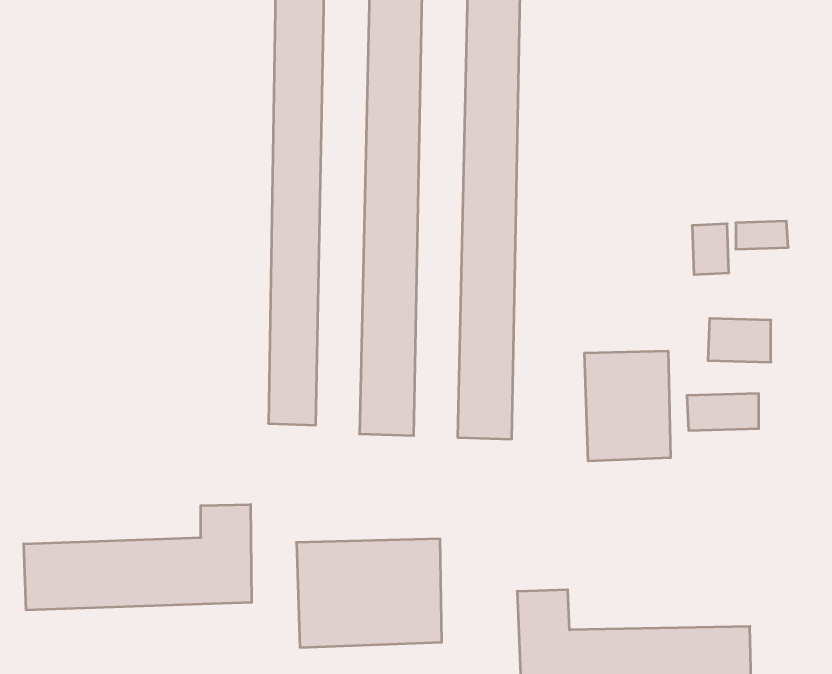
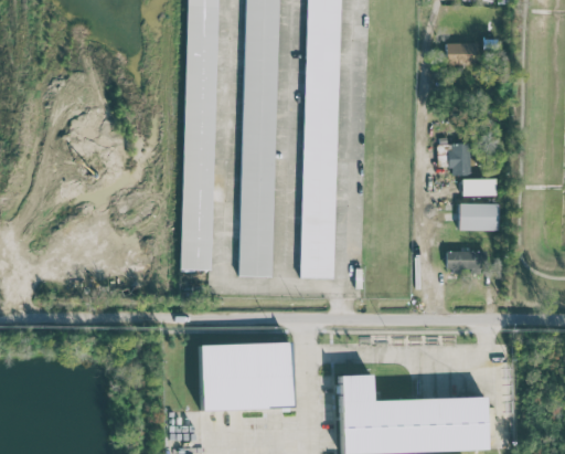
building: none -> [447,43,477,65]
building: [736,221,788,249] -> [462,179,495,197]
building: [585,351,670,461] -> none
building: [24,504,252,610] -> none

